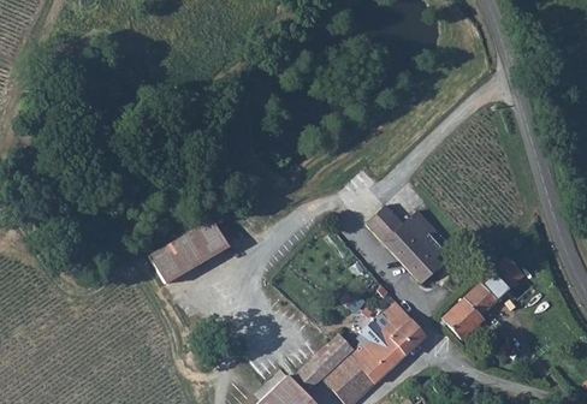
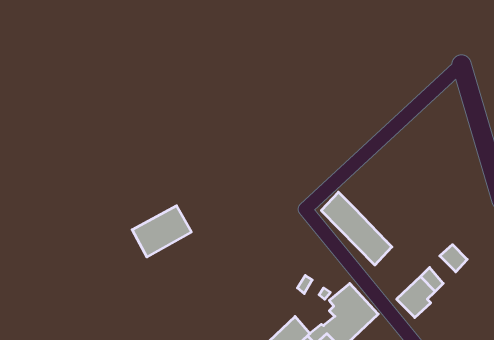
building: [401,209,447,257] -> none
building: [149,245,182,283] -> none

